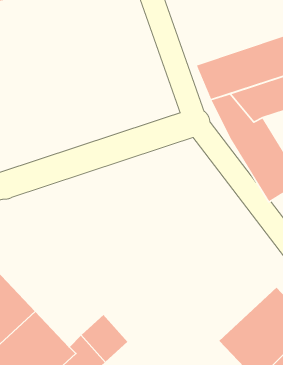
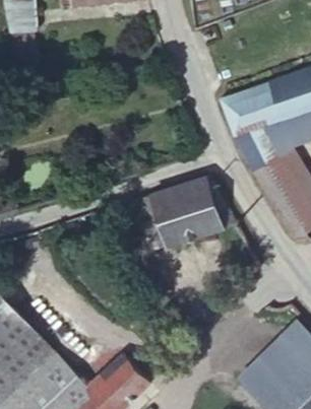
building: none -> [153,178,221,245]

